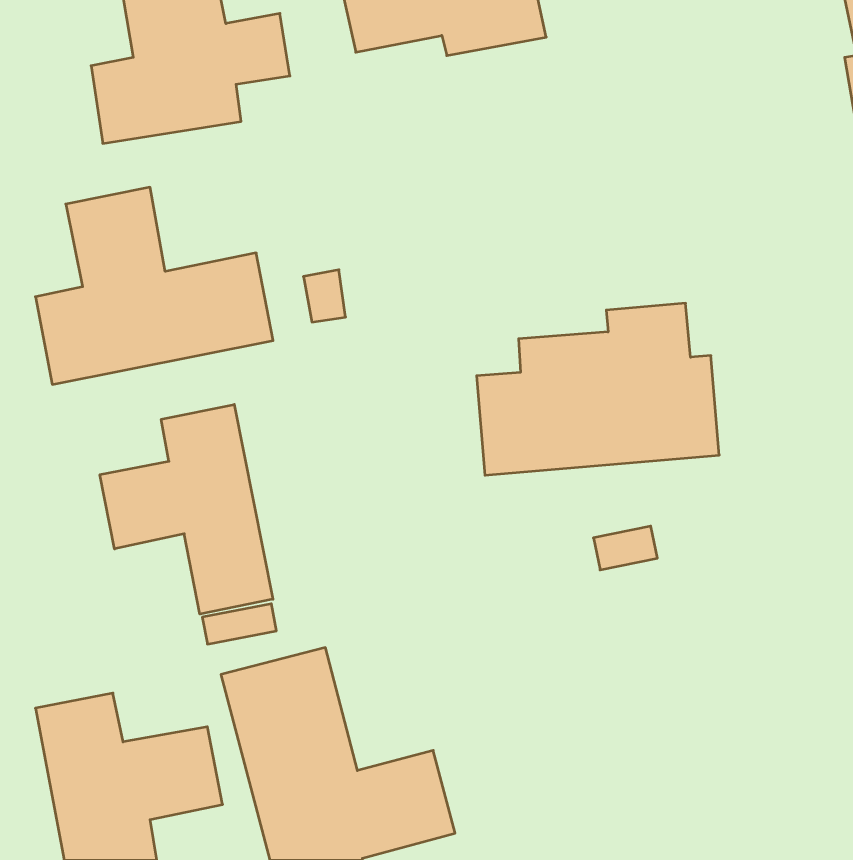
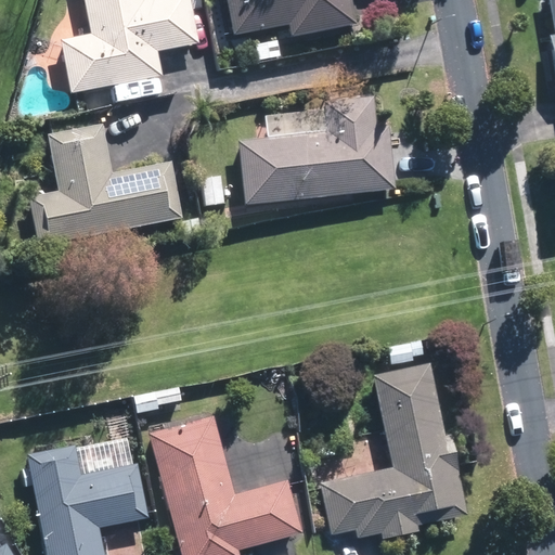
building: [477,303,719,475] -> [238,94,395,205]
building: [100,404,273,614] -> none
building: none -> [322,363,463,540]

